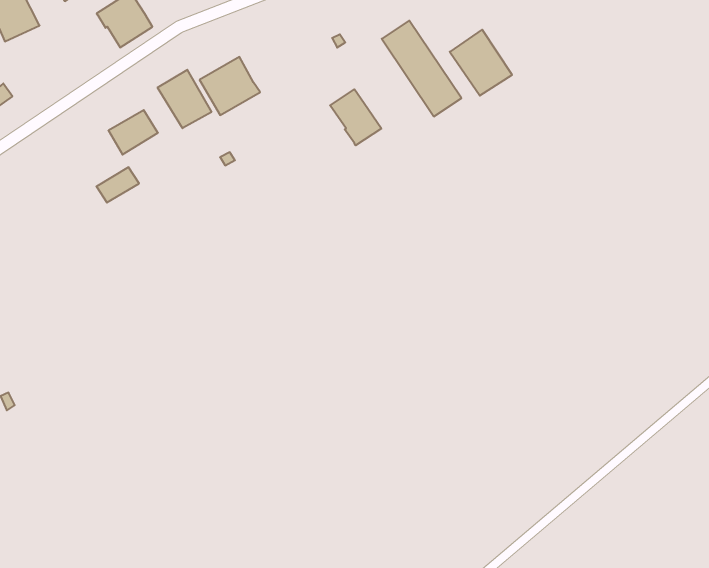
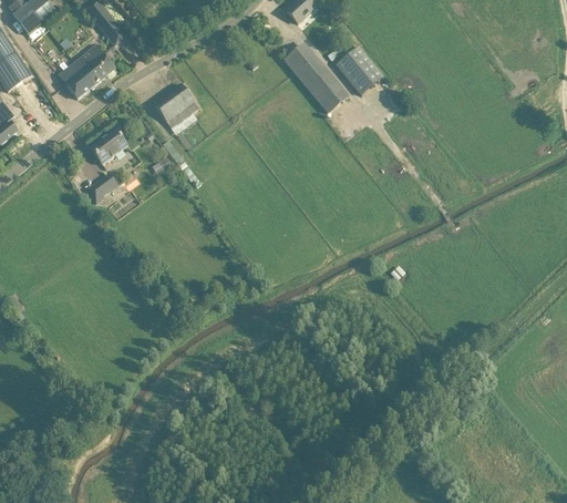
building: none -> [58,62,92,97]
building: [158,70,211,128] -> none
building: [330,89,381,145] -> none

